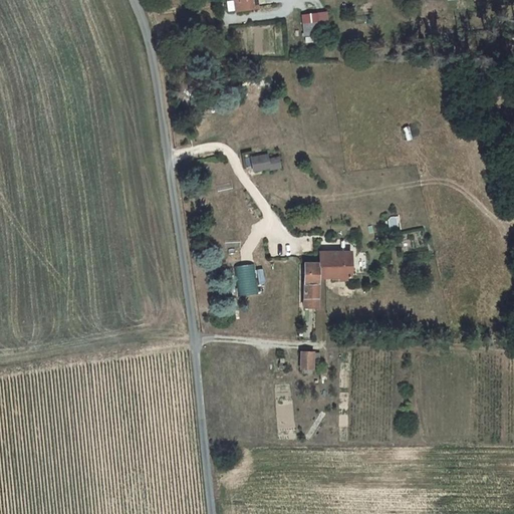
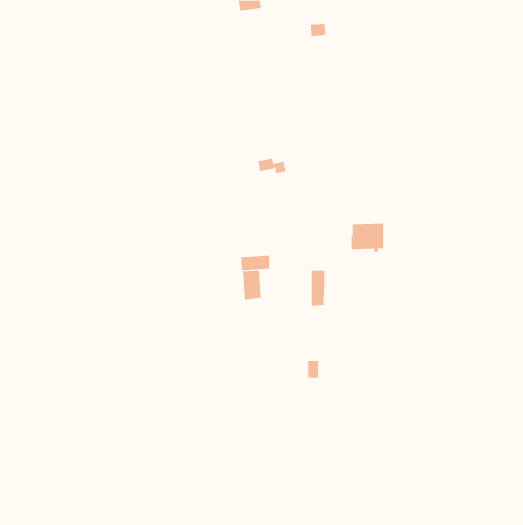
building: none -> [241,255,270,271]
building: [319,252,351,280] -> [351,223,384,252]

